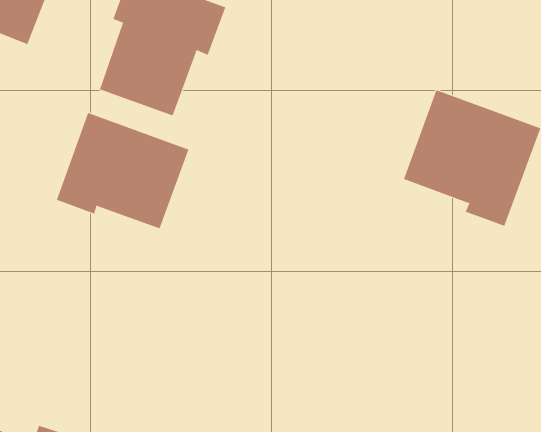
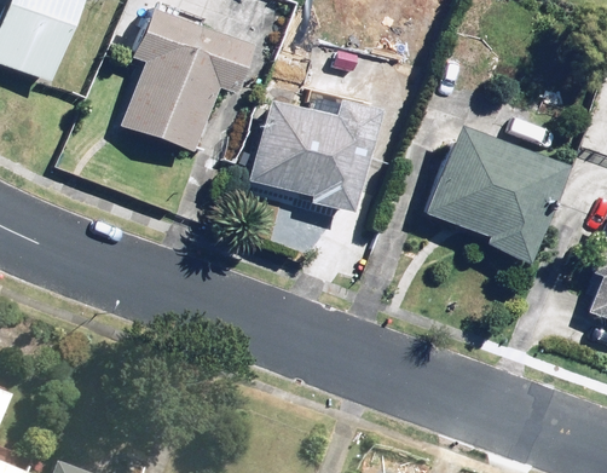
building: none -> [250,45,380,212]
building: [56,112,189,229] -> none

